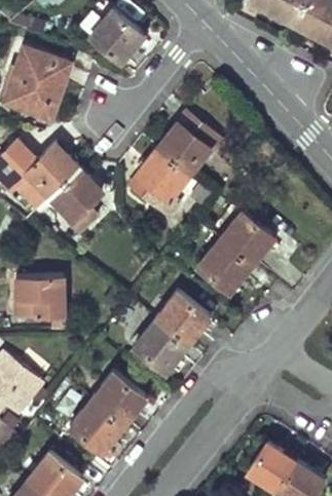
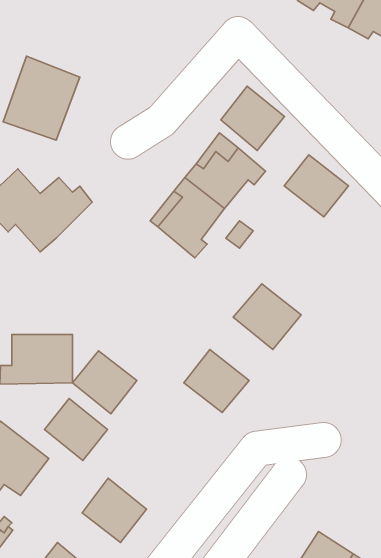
building: [78,9,144,63] -> none
building: none -> [221,86,284,151]
building: [49,169,98,237] -> none
building: [220,212,273,263] -> [284,155,348,217]
building: [134,319,187,372] -> [72,351,137,414]
building: [93,373,145,424] -> [45,398,108,460]

